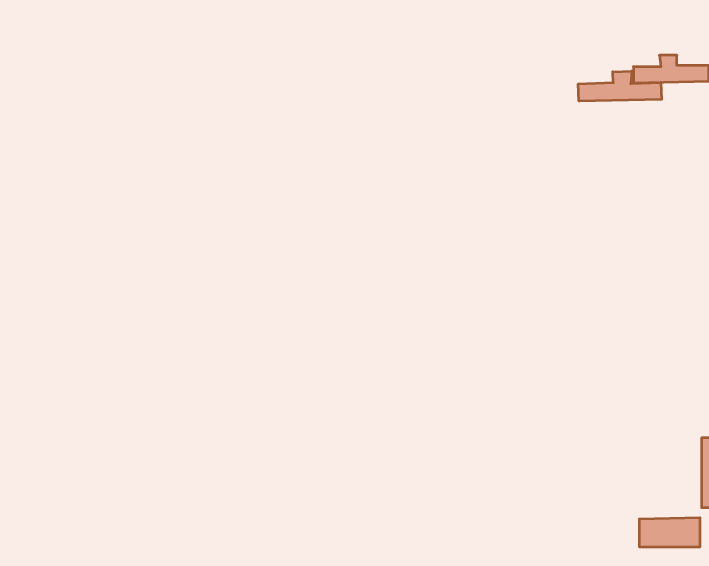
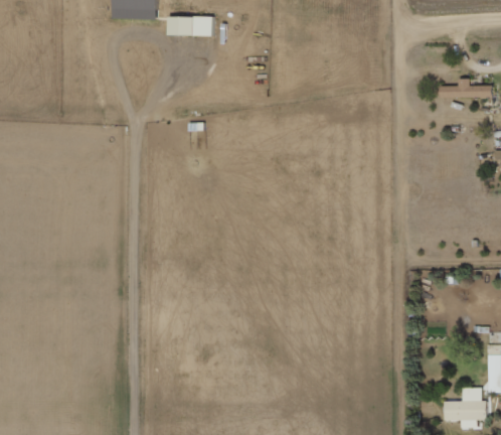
building: [578,71,662,101] -> none

